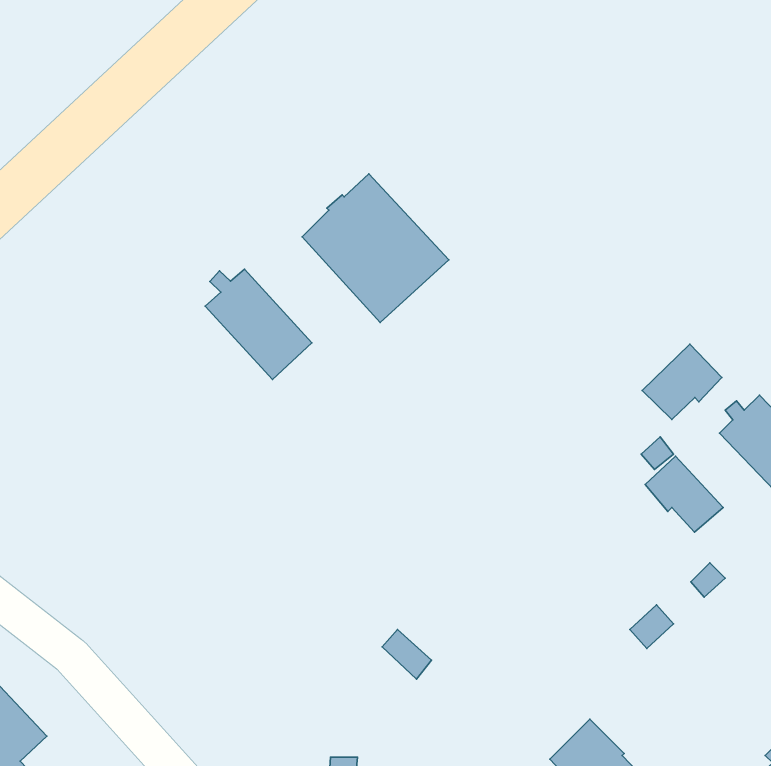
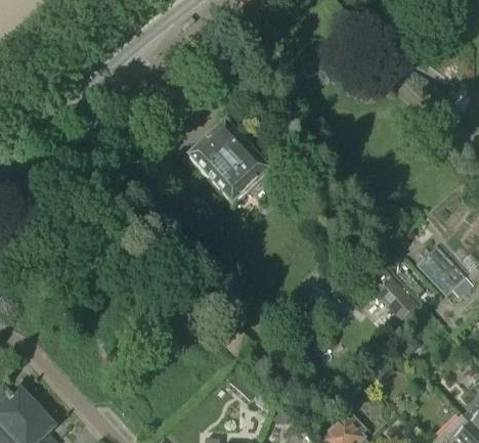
building: [205,269,312,380] -> none
building: [642,344,722,420] -> none

